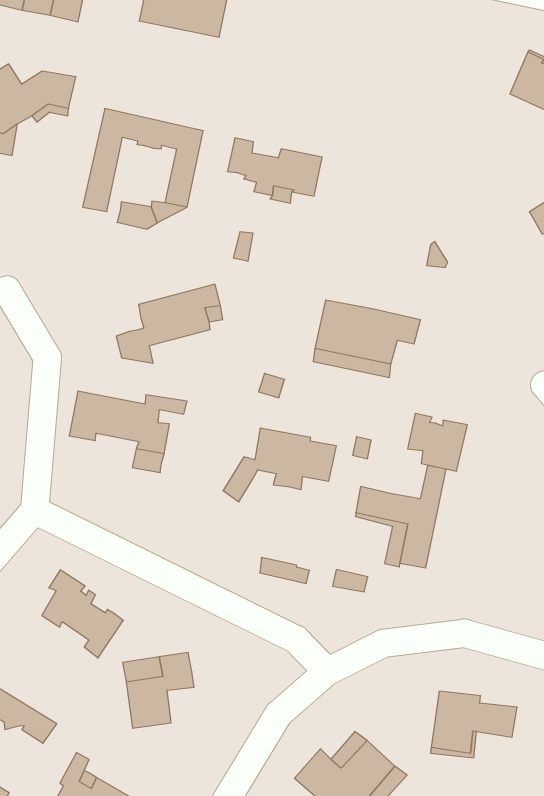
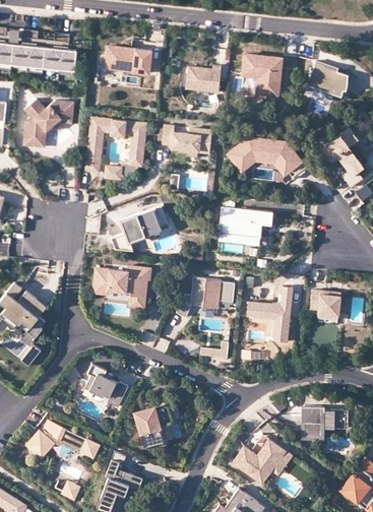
building: none -> [242,54,281,94]
building: none -> [186,65,221,91]
building: none -> [227,137,299,173]
building: [408,413,467,471] -> [312,292,343,320]

